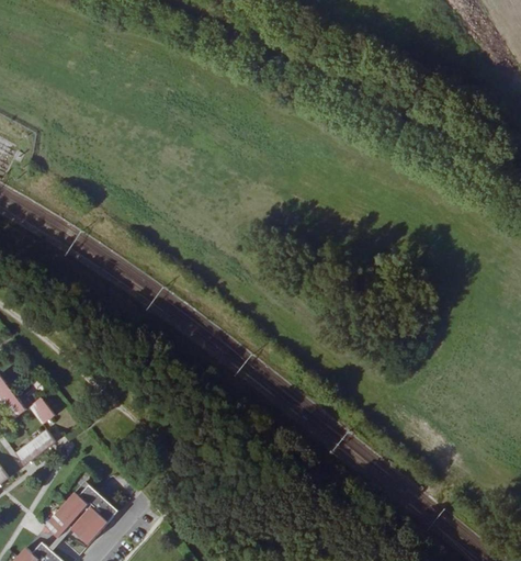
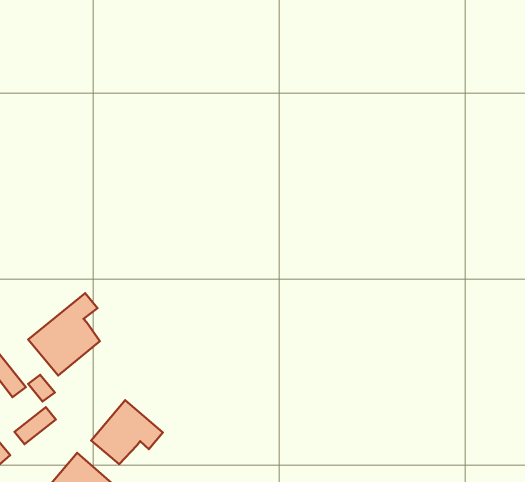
building: none -> [28,293,100,375]
building: none -> [91,400,163,464]

